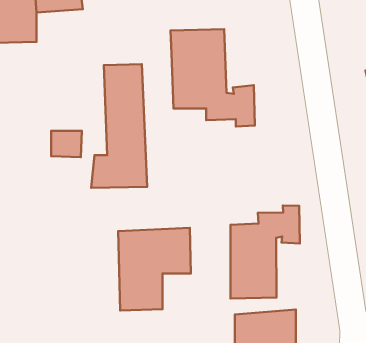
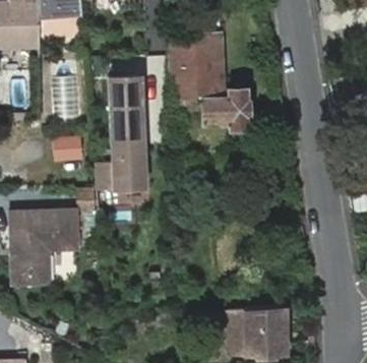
building: [230,206,300,299] -> none
building: [118,228,191,310] -> [9,206,79,286]

